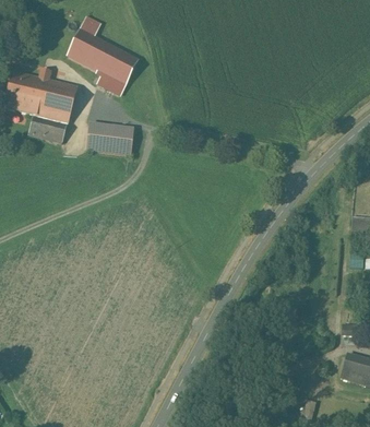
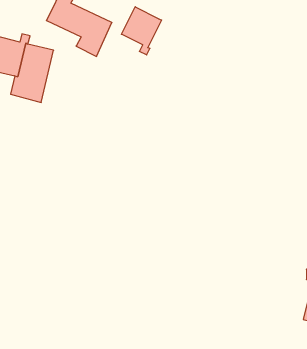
building: none -> [121,7,162,55]
building: [86,124,132,155] -> none

